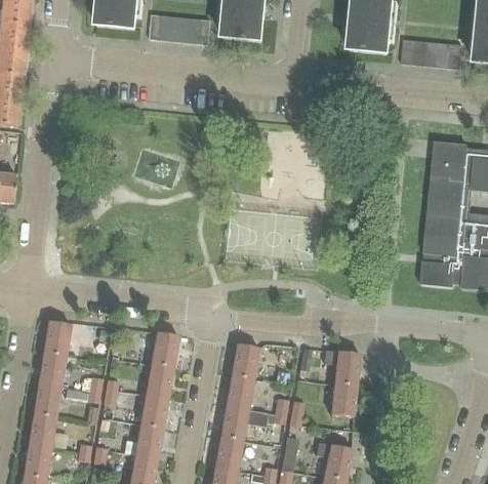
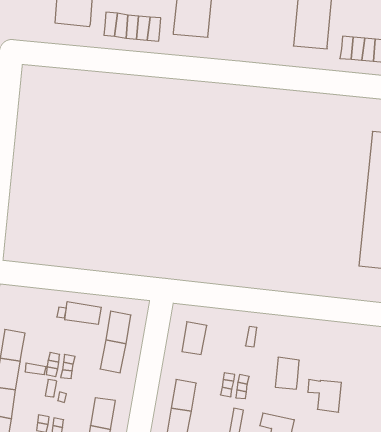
building: [43,322,70,357] -> none
building: none -> [65,302,101,324]
building: [324,351,360,386] -> [308,380,341,412]
building: [226,376,252,410] -> none
building: [139,395,166,429] -> none

